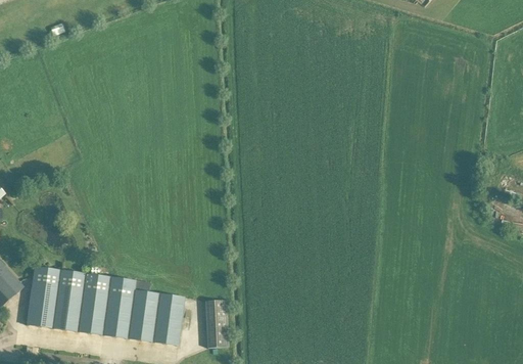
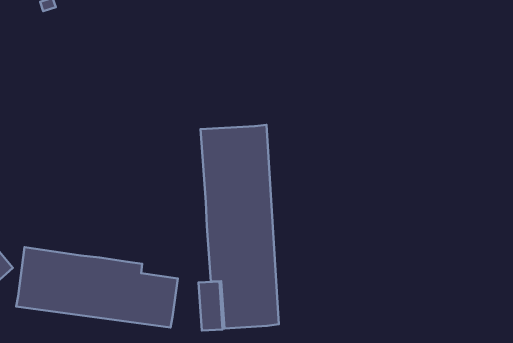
building: none -> [201,125,279,328]

